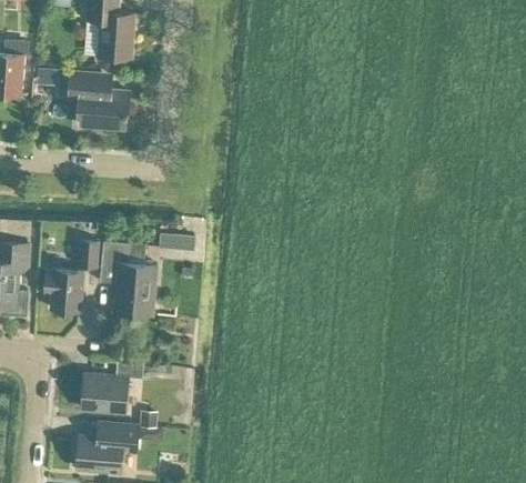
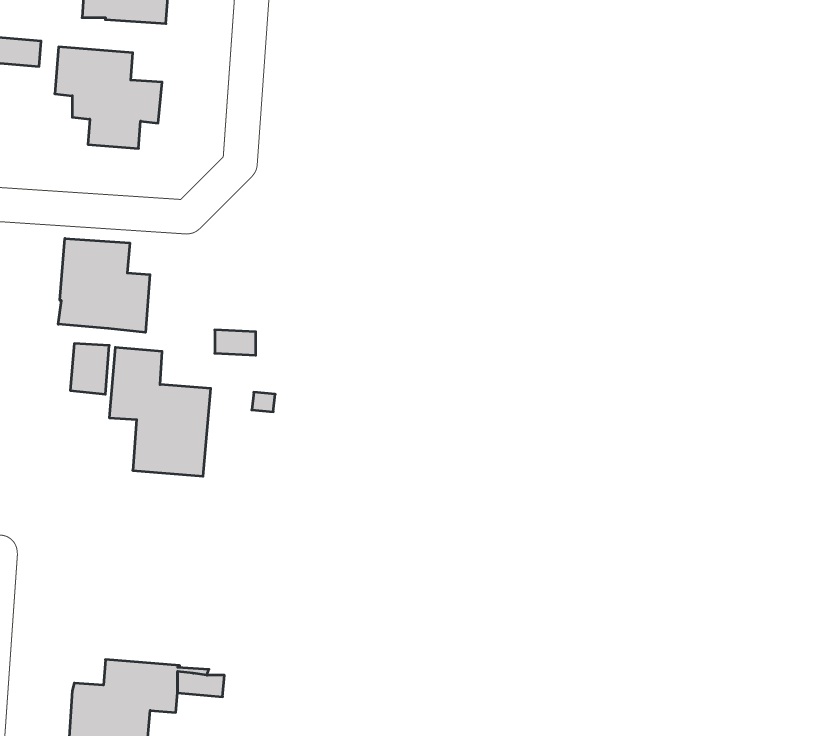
building: none -> [58,238,150,332]
building: [45,269,84,311] -> none
building: [83,362,145,413] -> none

